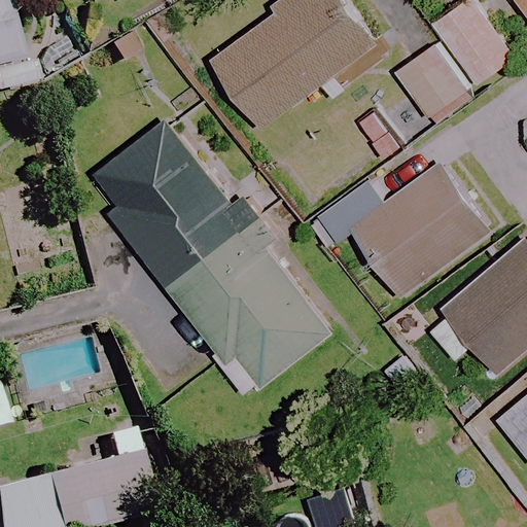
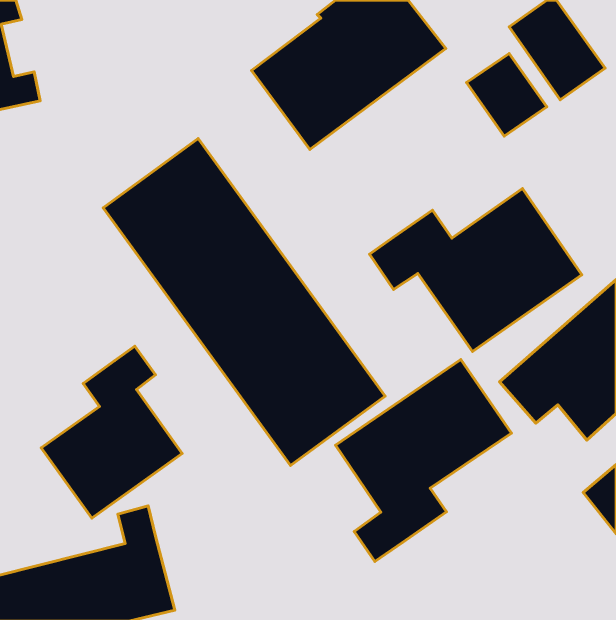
building: none -> [41,346,182,518]
building: none -> [336,360,511,561]

